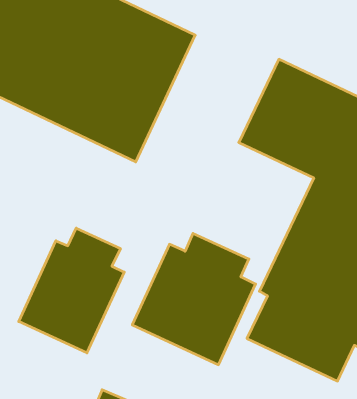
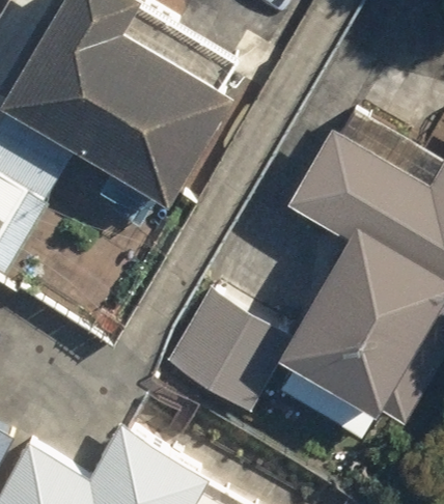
building: [19,228,124,353] -> none

